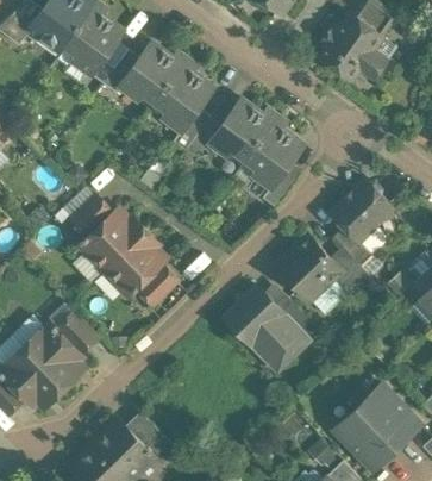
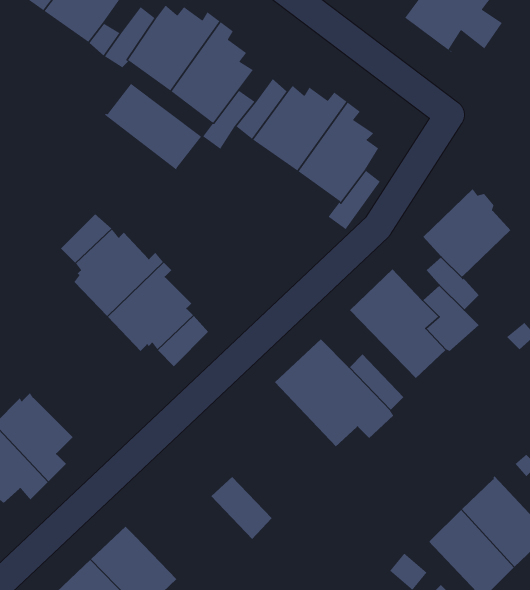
building: none -> [104,83,202,170]
building: [54,313,99,356] -> none
building: [126,412,170,457] -> [211,476,272,540]

